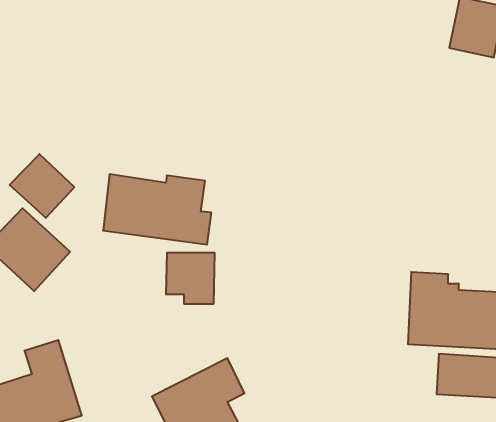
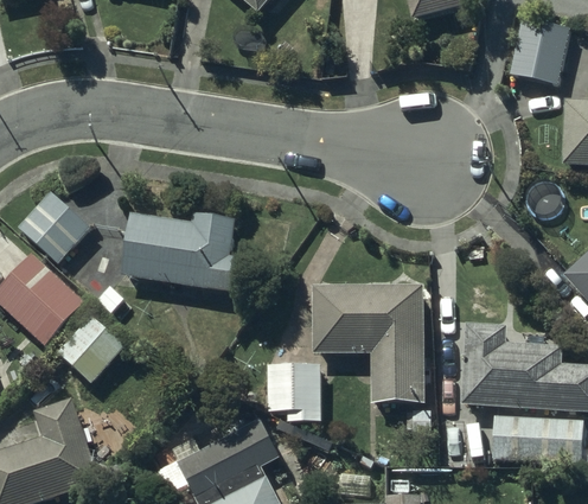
building: none -> [312,283,424,402]
building: [166,253,215,304] -> [267,363,321,420]
building: none -> [57,313,126,382]

